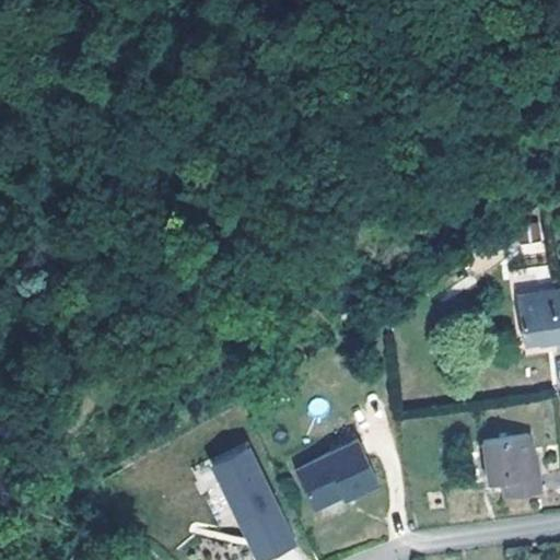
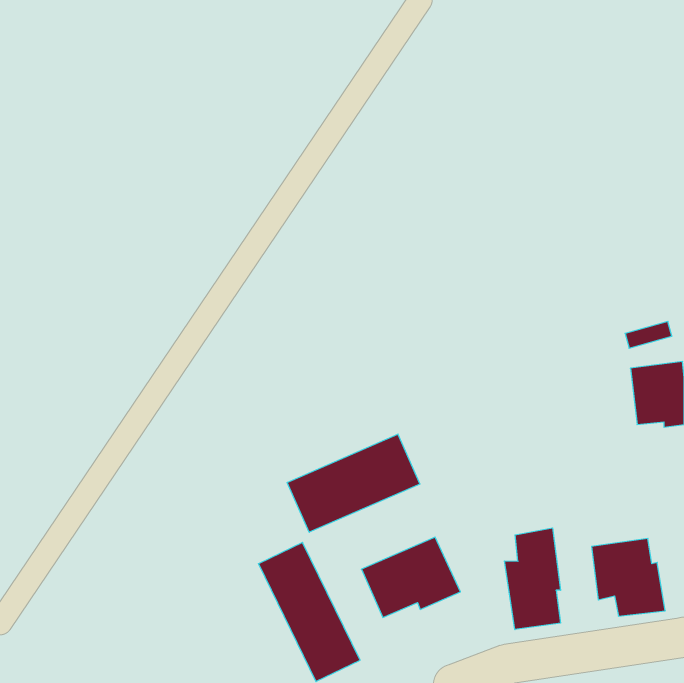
building: none -> [287,434,420,532]
building: none -> [504,528,561,630]

